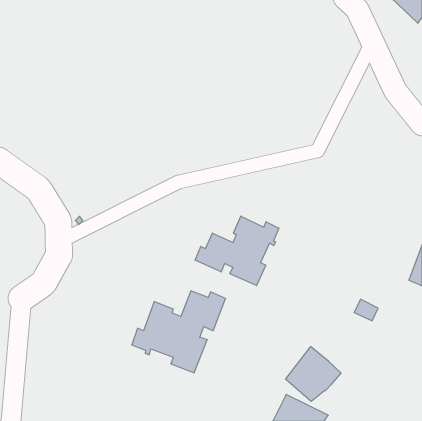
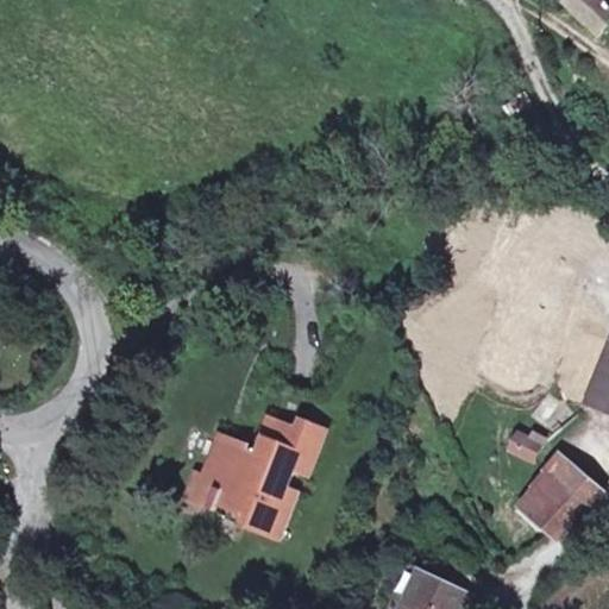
building: [195,216,279,286] -> none
building: [286,347,341,401] -> [520,459,599,538]

